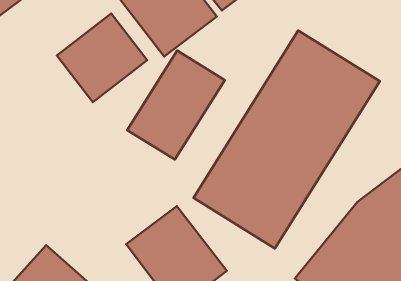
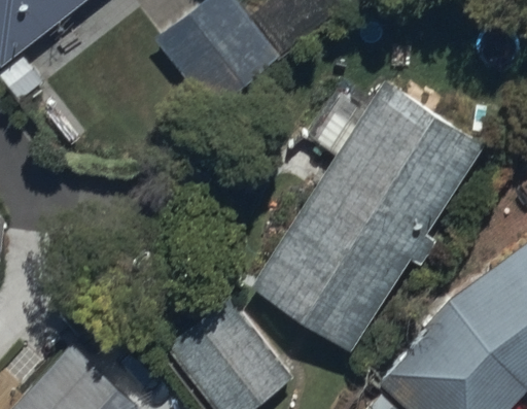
building: [57,13,147,102] -> none
building: [127,51,225,160] -> none

